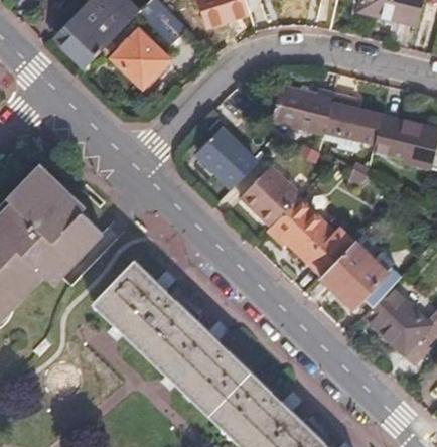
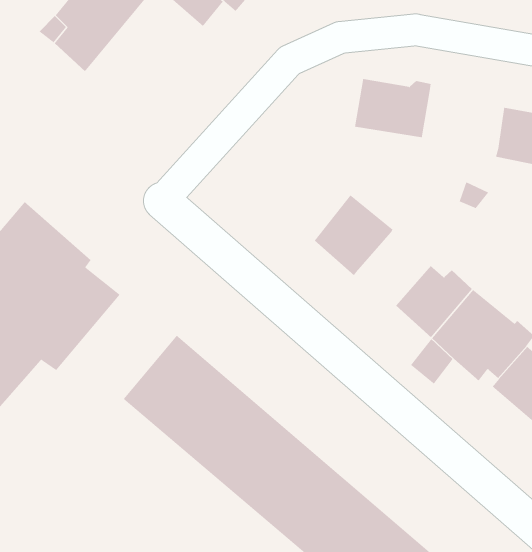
building: [114,32,170,90] -> none
building: [324,94,384,144] -> none
building: [200,123,260,176] -> none
building: [271,199,324,252] -> none

